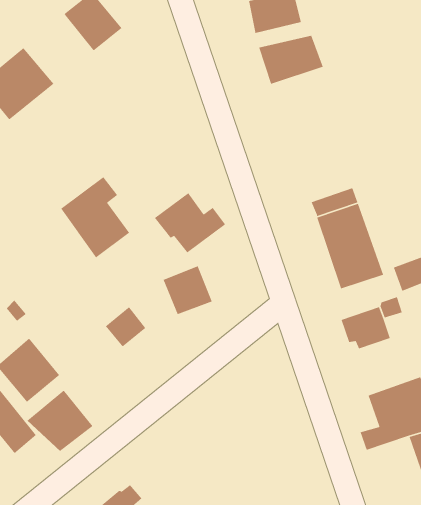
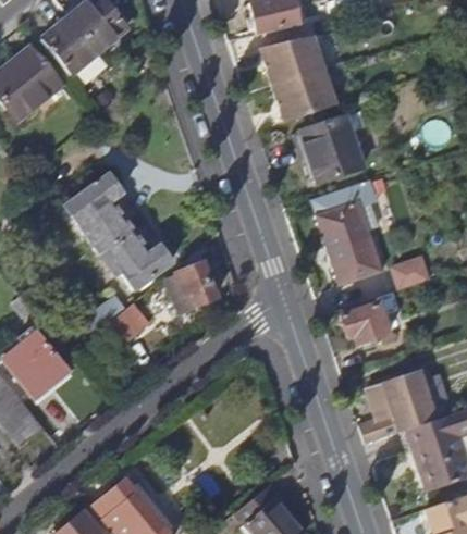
building: none -> [41,15,99,75]
building: none -> [272,67,336,122]
building: none -> [302,116,364,182]
building: [154,192,226,253] -> [101,229,172,289]
building: [27,390,93,452] -> none

